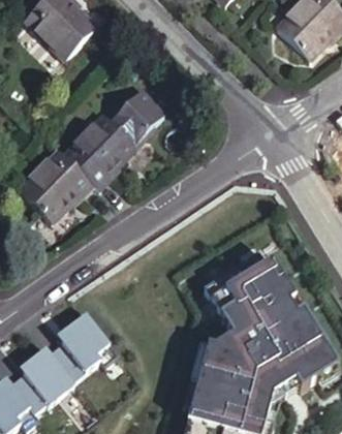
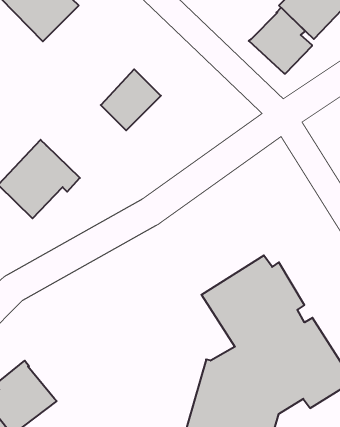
building: none -> [249,8,312,74]
building: [66,111,141,187] -> none
building: [50,311,120,379] -> none

